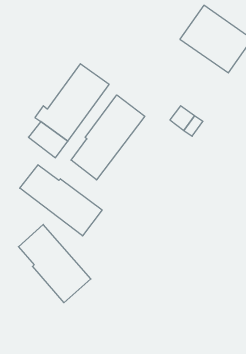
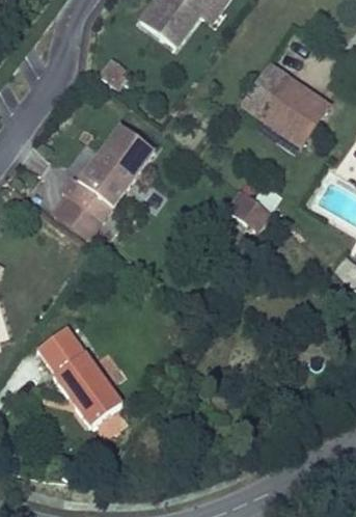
building: [71,95,145,180] -> none
building: [20,165,102,236] -> none

